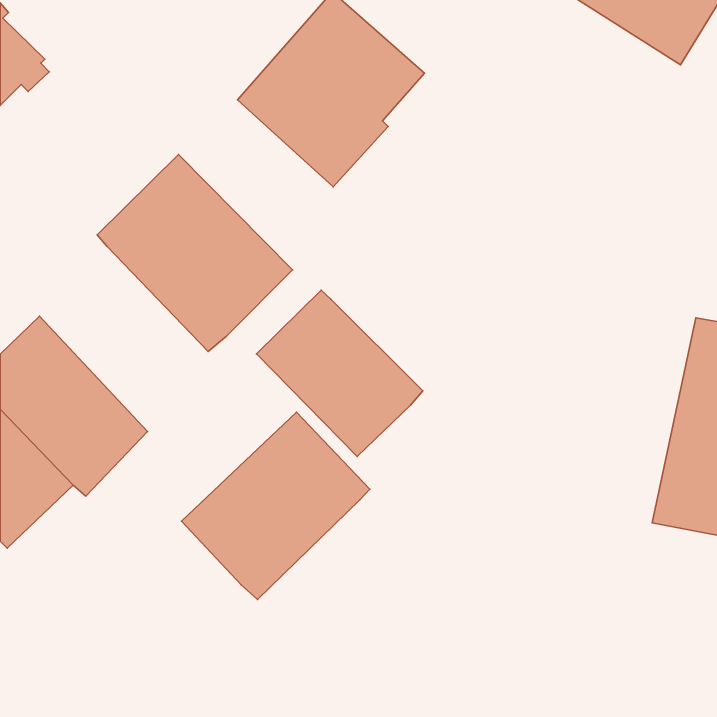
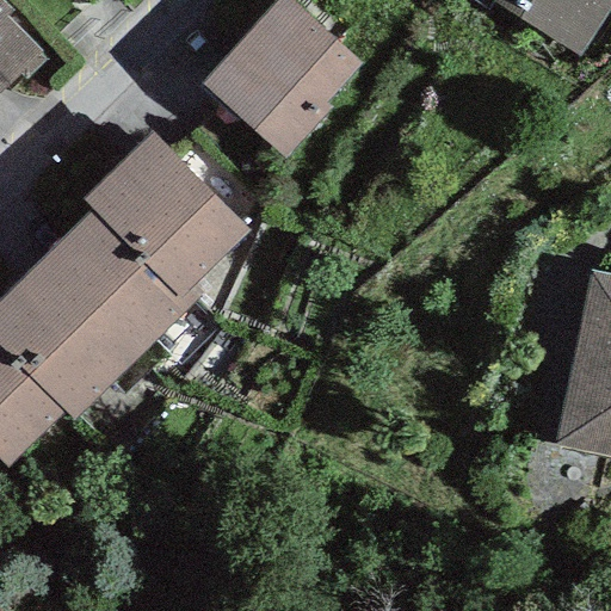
building: none -> [35,209,203,366]
building: [257,290,423,457] -> none
building: [182,412,370,600] -> none

